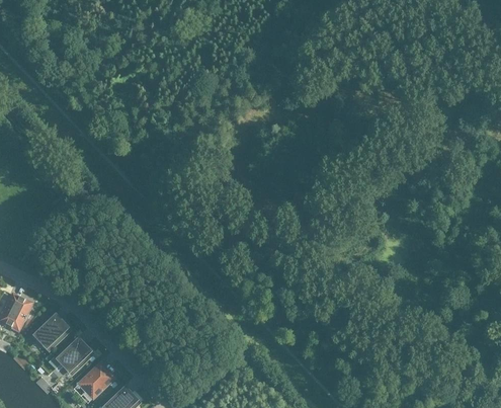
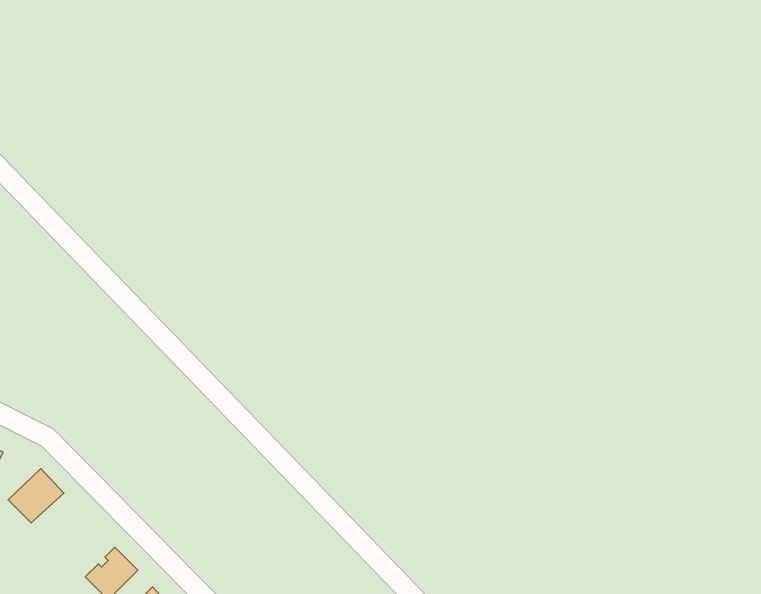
building: [57,339,90,373] -> none

